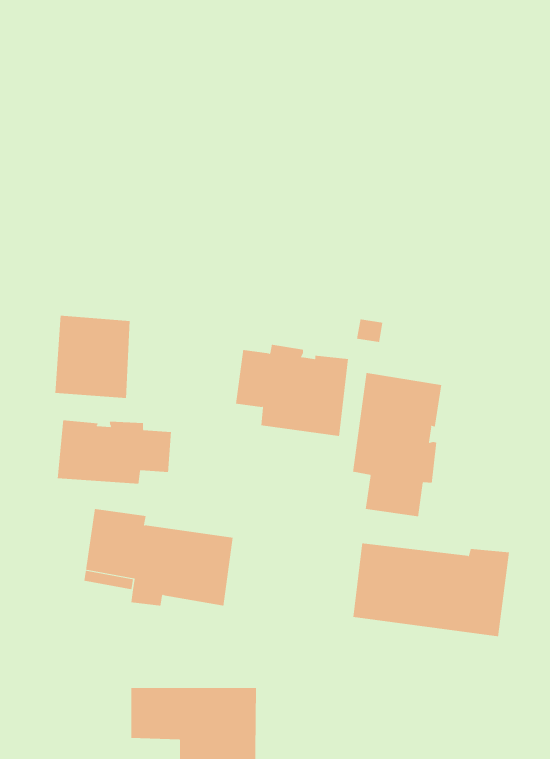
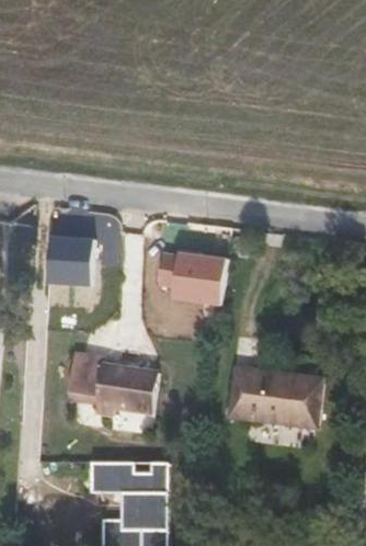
building: [352,372,442,517] -> none
building: [57,420,172,485] -> none

